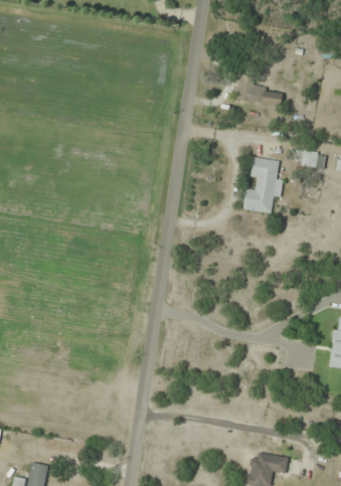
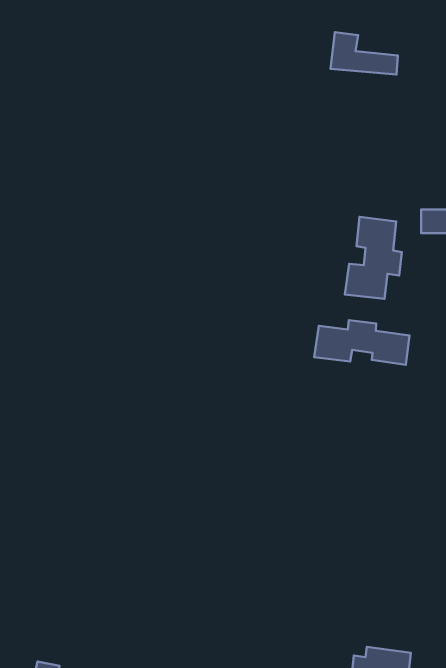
building: [236,75,283,105] -> [330,32,398,75]
building: none -> [314,320,410,365]

